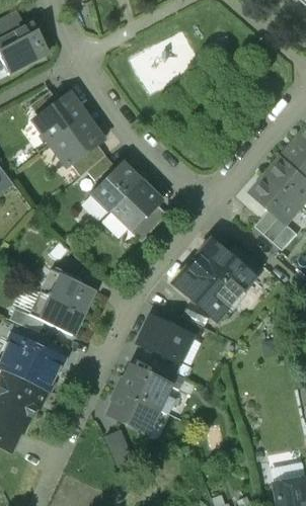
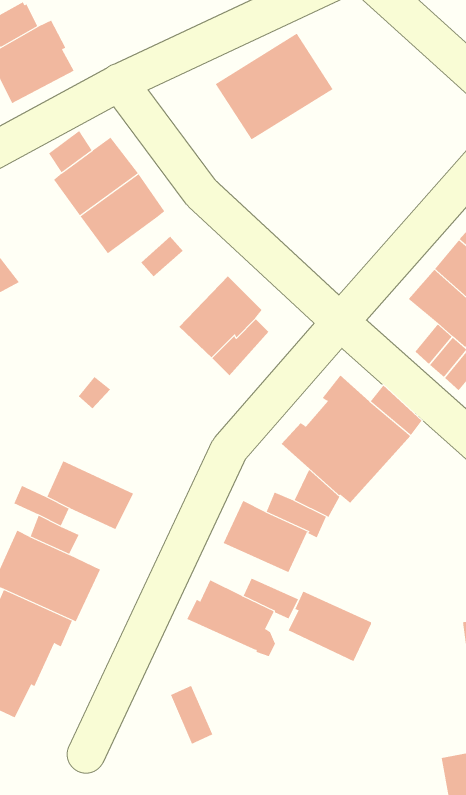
building: [71,144,105,176] -> none
building: [90,161,141,212] -> none
building: [40,267,93,313] -> none
building: [106,390,158,433] -> [288,591,372,662]

